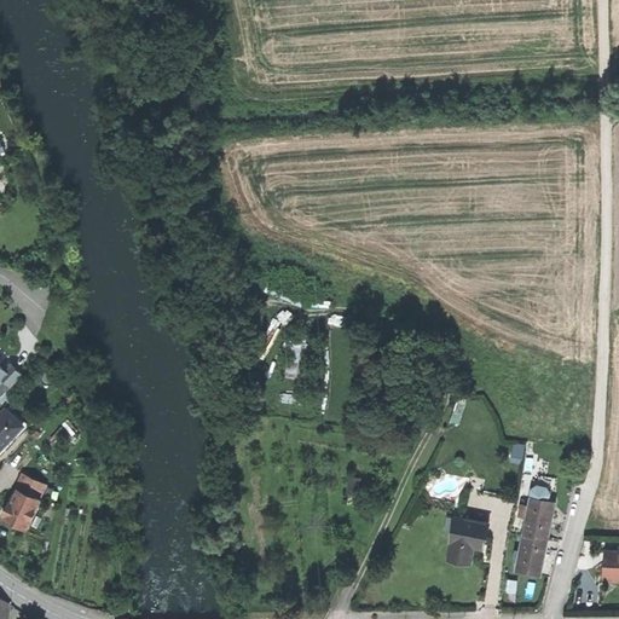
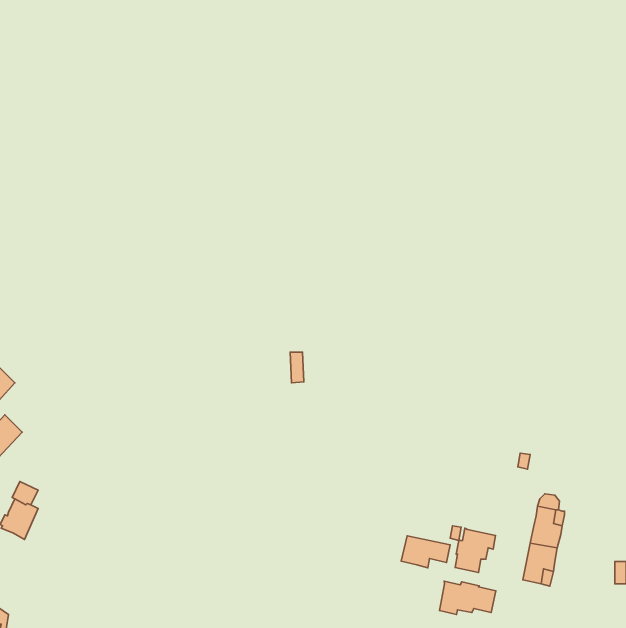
building: none -> [401,536,450,568]
building: none -> [439,581,496,614]

